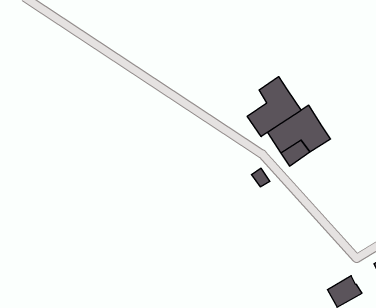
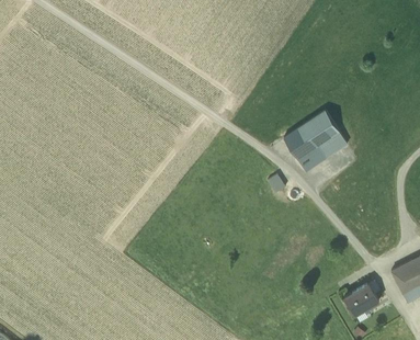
building: [247,77,301,137] -> none

